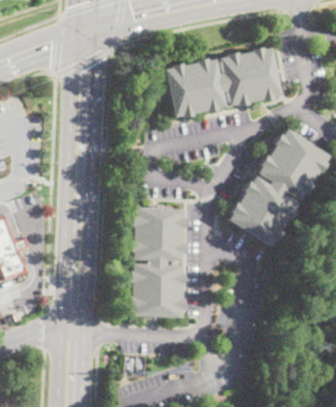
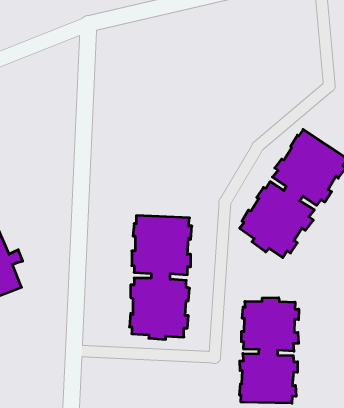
building: [165,46,281,118] -> none
building: none -> [240,298,299,403]

